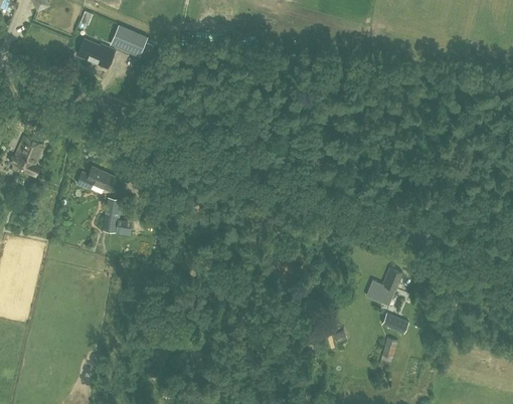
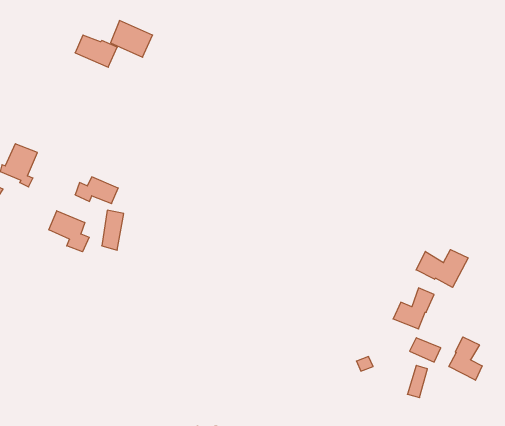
building: none -> [49,211,89,252]
building: none -> [416,250,468,287]
building: none -> [449,337,482,380]

